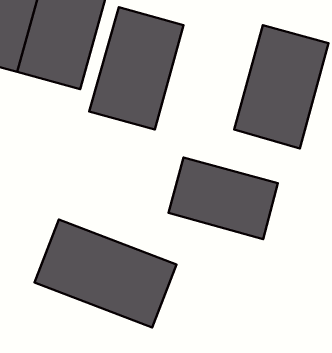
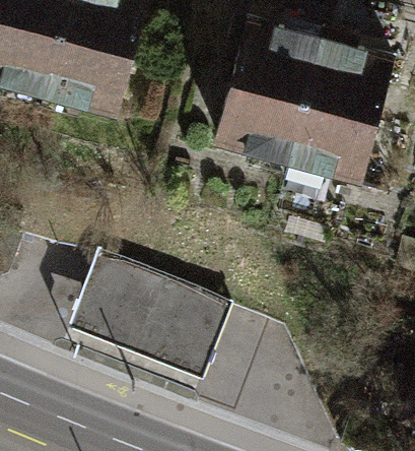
building: [89,7,184,130] -> [215,20,322,158]
building: [168,157,278,239] -> none

